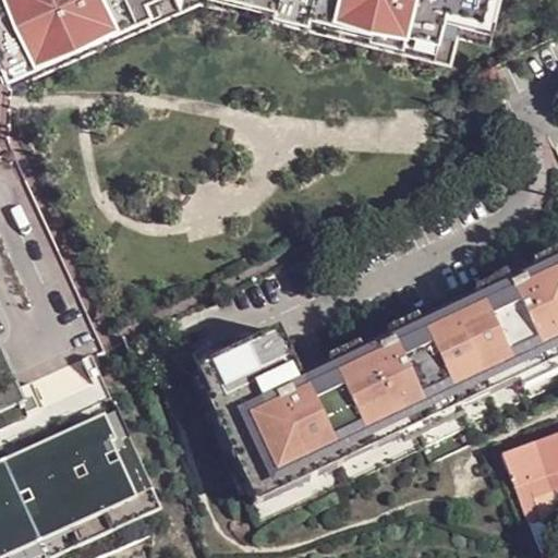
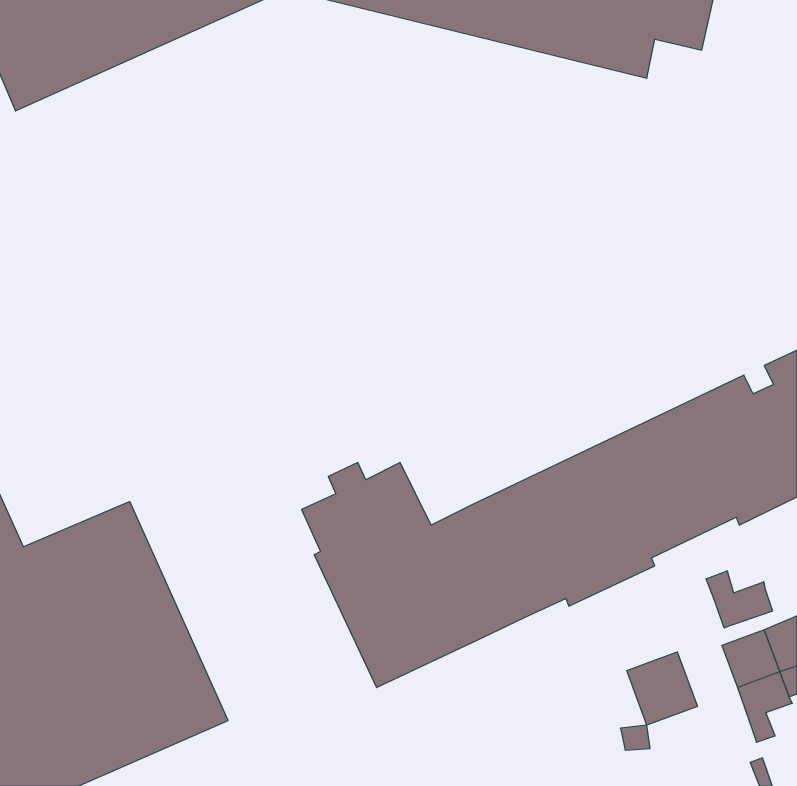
building: none -> [706,571,773,628]
building: none -> [627,652,697,725]

